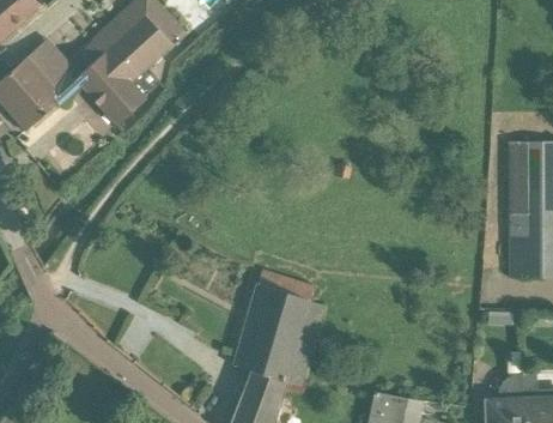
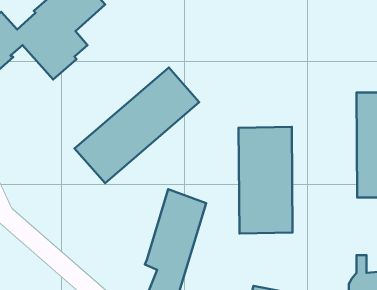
building: none -> [75,67,199,183]
building: none -> [239,127,293,233]

